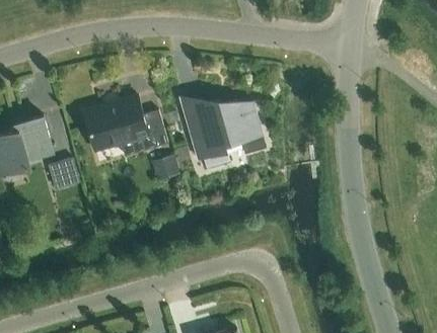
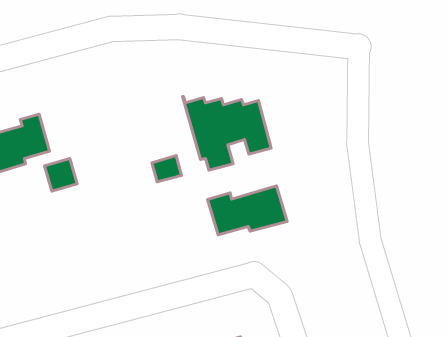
building: [84,95,168,156] -> none
building: none -> [208,186,287,235]

